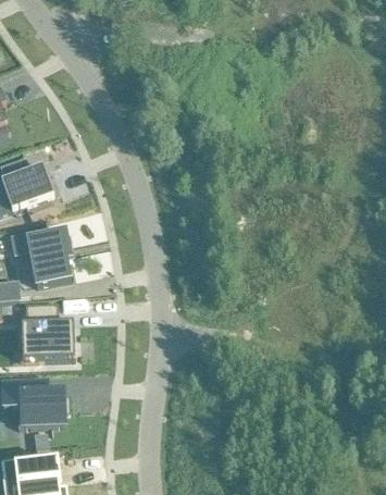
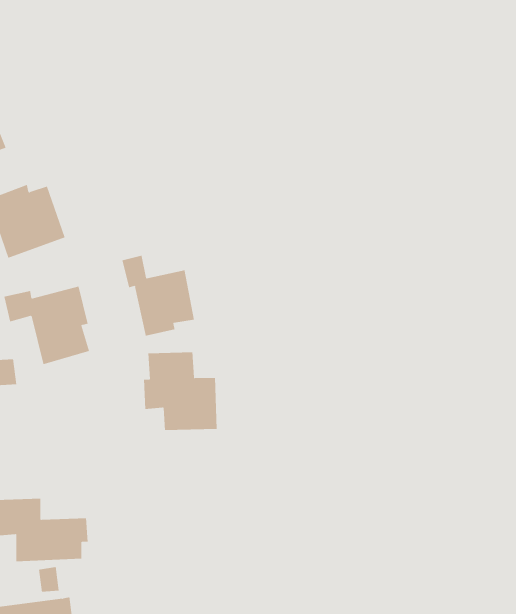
building: none -> [122,255,195,337]
building: [21,305,74,361] -> [143,352,217,431]

